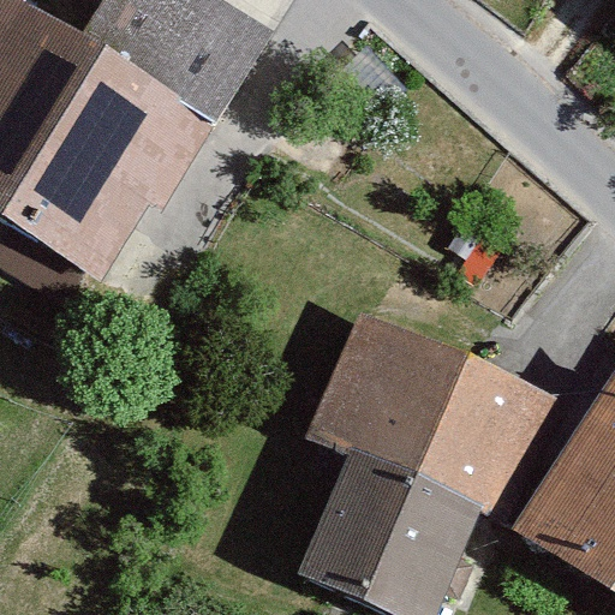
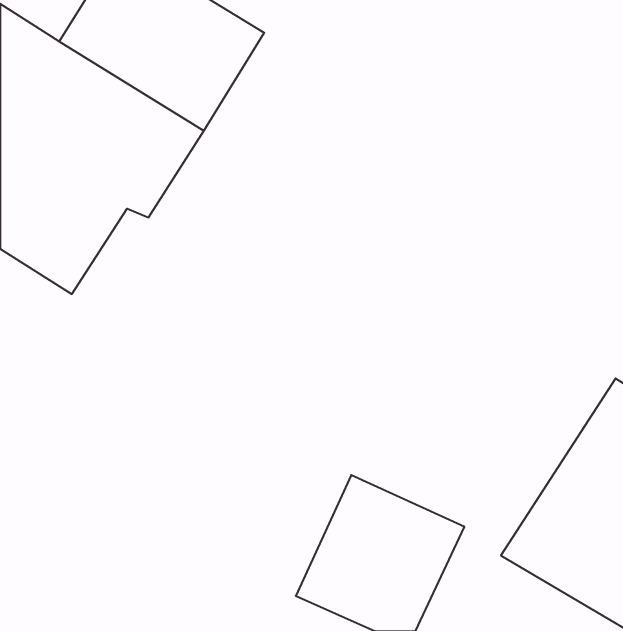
building: [305,312,541,514] -> none

